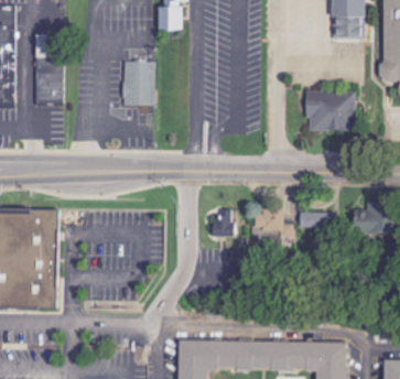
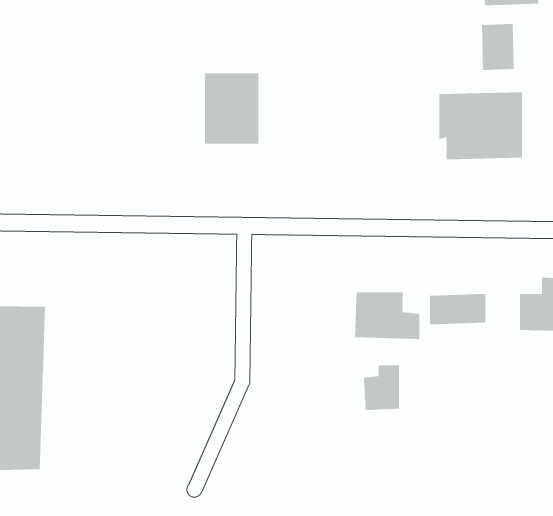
building: none -> [482,23,514,71]
building: [121,59,154,102] -> [204,73,259,144]
building: [210,207,233,235] -> [363,365,400,411]

